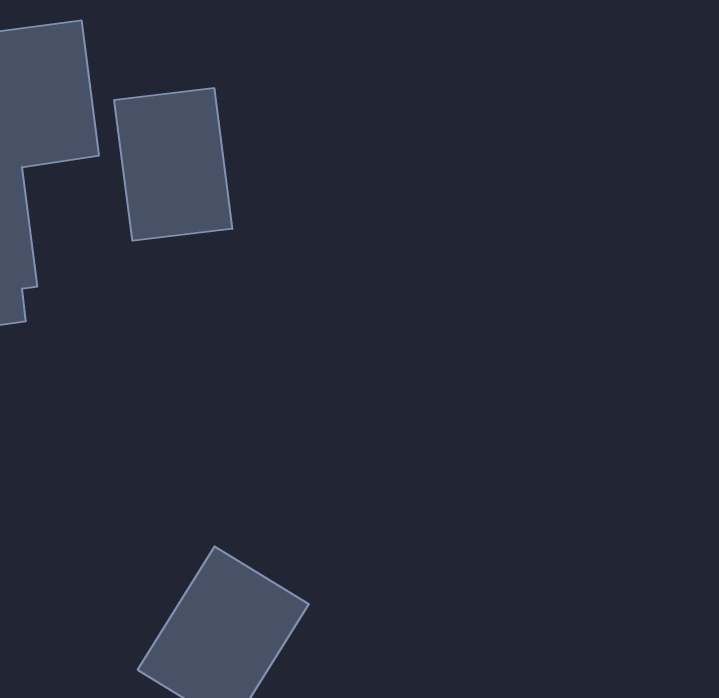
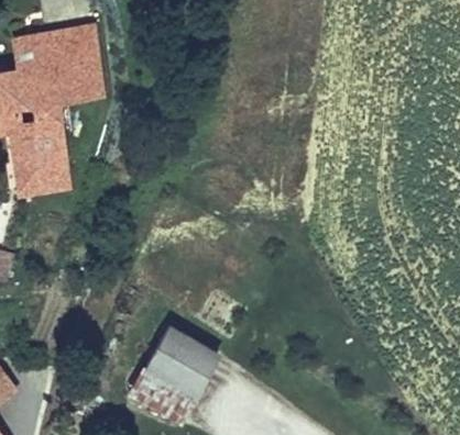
building: [114,88,232,241] -> none

